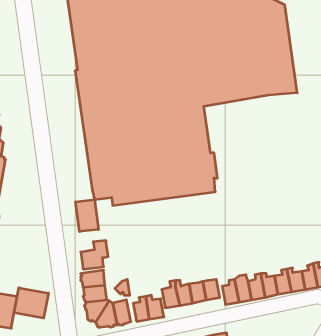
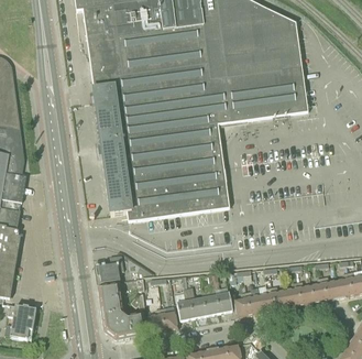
building: [76,200,98,232] -> none
building: [14,288,48,318] -> none

